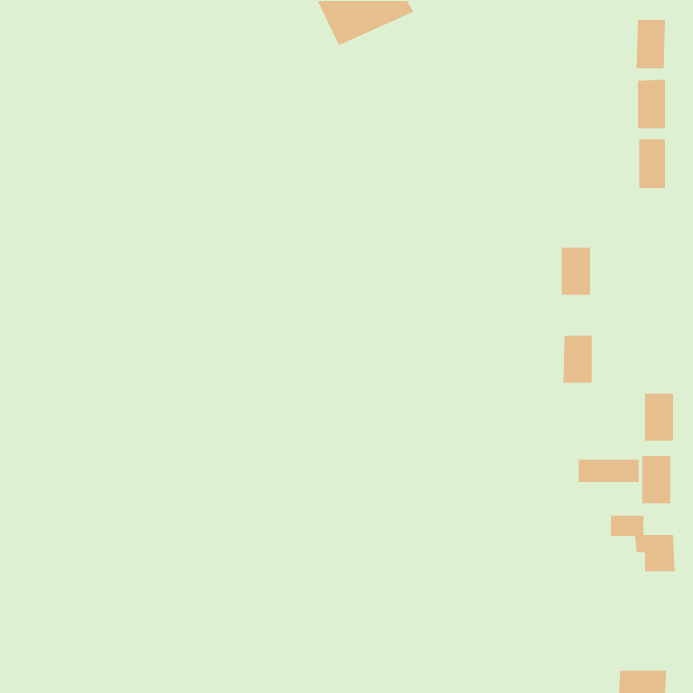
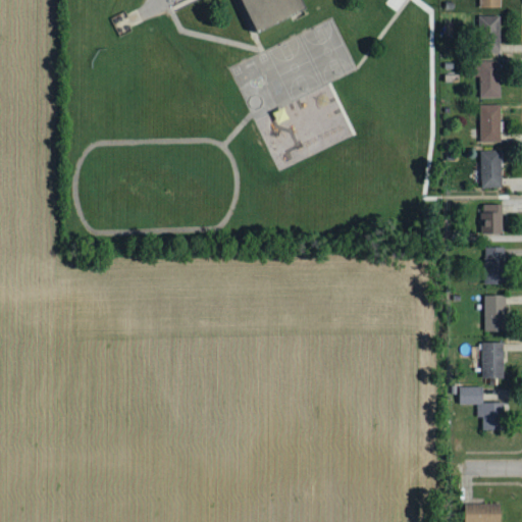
building: [561,247,591,296] -> [480,151,503,188]
building: none -> [483,204,506,234]
building: [563,335,592,384] -> [484,248,507,284]
building: [578,459,639,483] -> none

